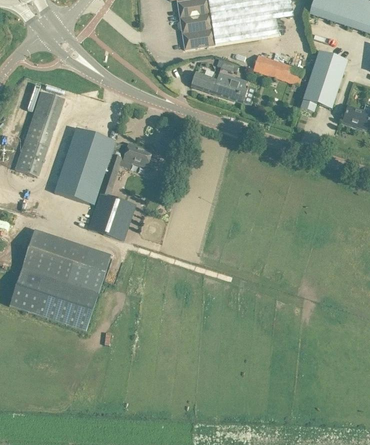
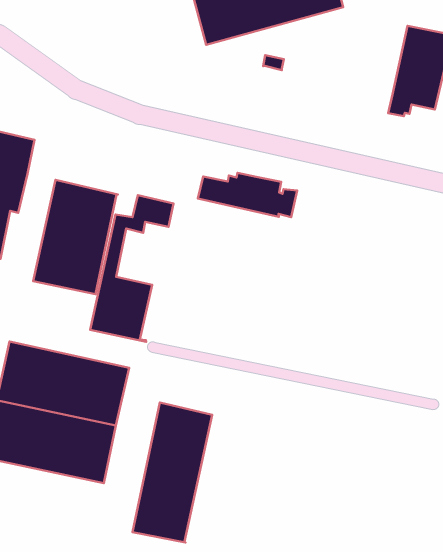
building: [253,54,310,87] -> none
building: [191,71,257,104] -> [198,173,297,217]
building: none -> [132,403,212,543]

